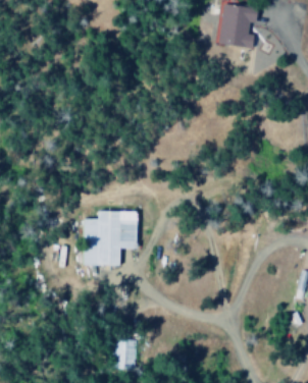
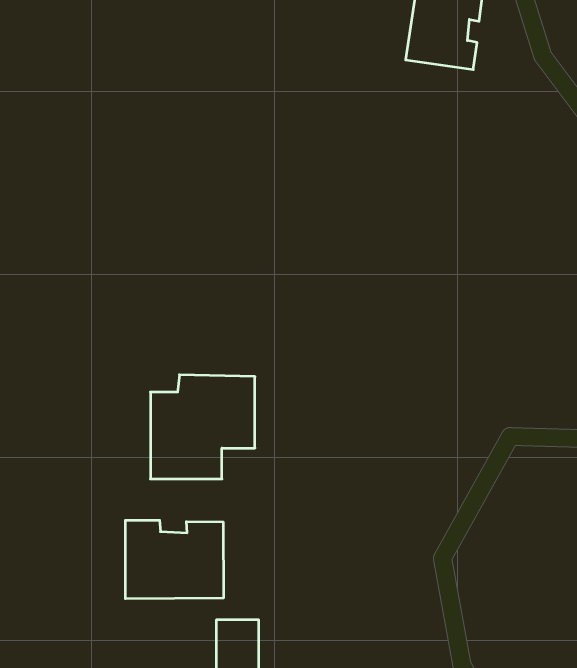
building: none -> [125,520,223,599]

